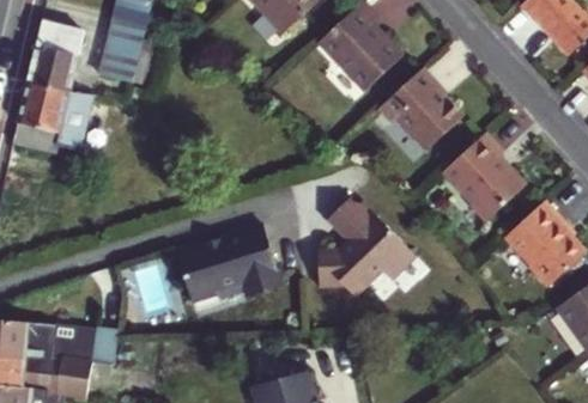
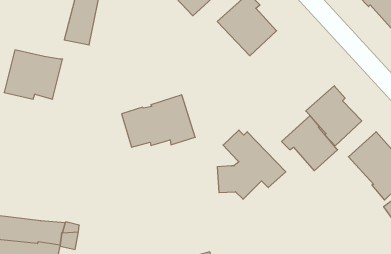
building: [26,19,84,92] -> none
building: [383,67,463,146] -> [282,116,338,171]
building: [176,226,281,301] -> [122,95,195,147]

